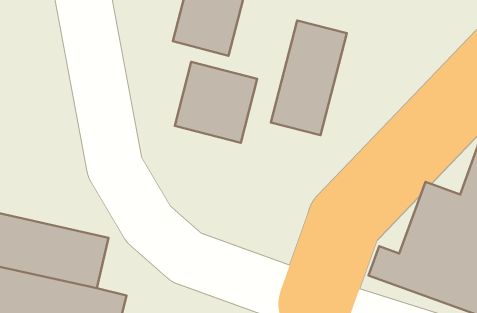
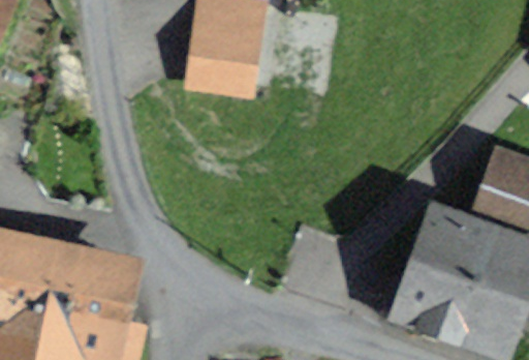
building: [271,21,347,135] -> none
building: [175,62,257,143] -> none

